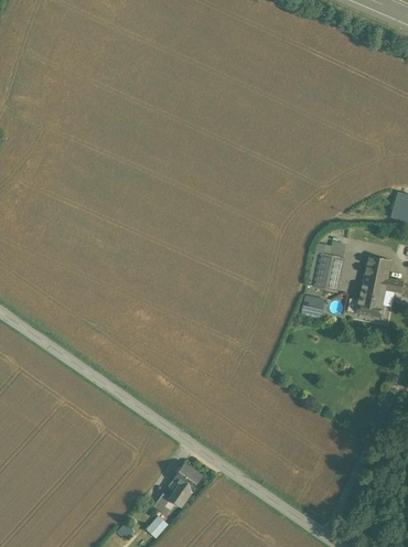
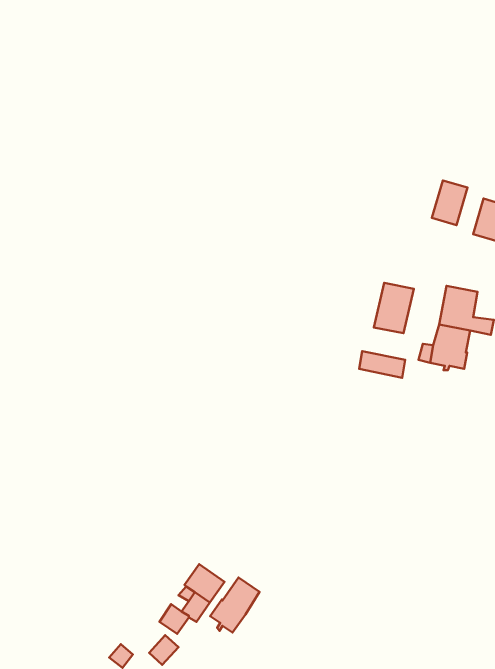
building: none -> [432,181,467,225]
building: none -> [210,578,259,632]

